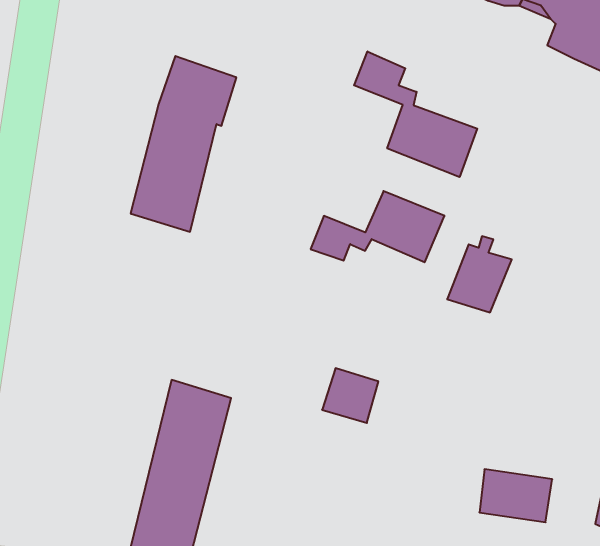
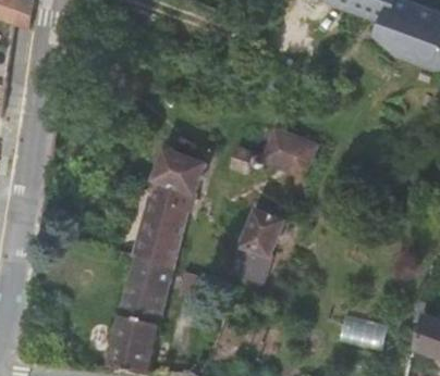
building: [354,51,477,177] -> none
building: [131,56,236,232] -> [135,152,205,267]
building: [447,236,512,312] -> [243,206,285,256]

